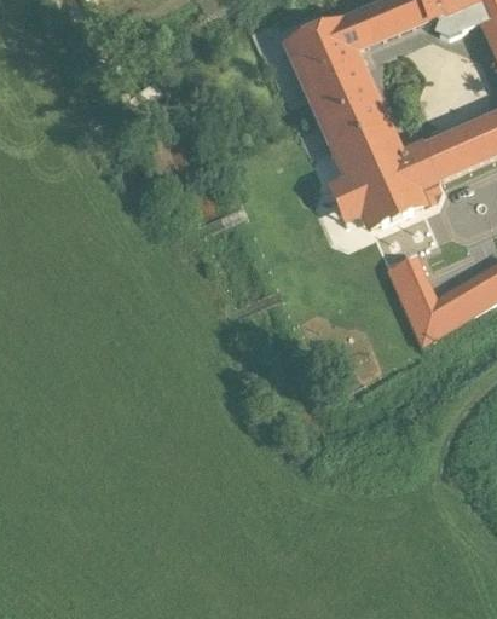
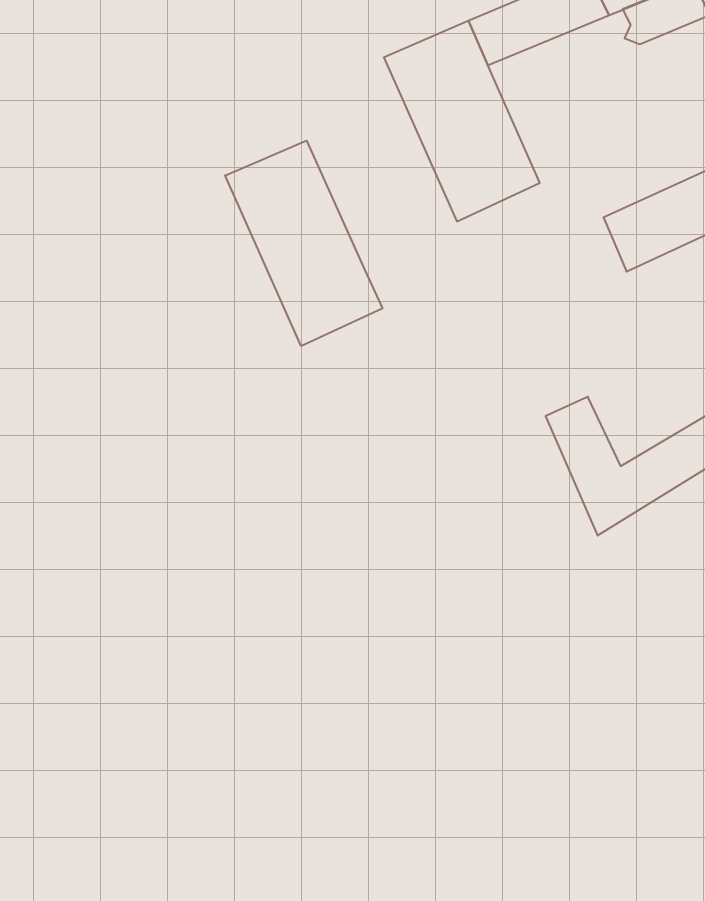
building: none -> [225,141,382,346]
building: [334,122,440,222] -> none

